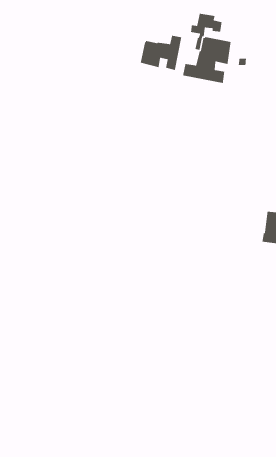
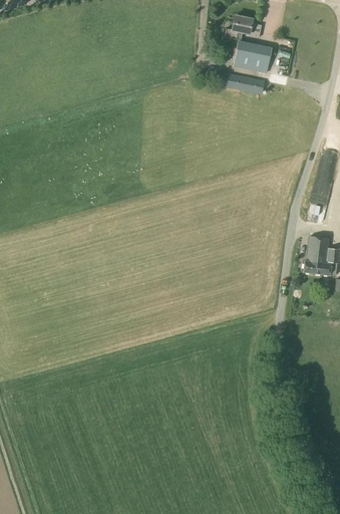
building: [140,35,182,71] -> none

